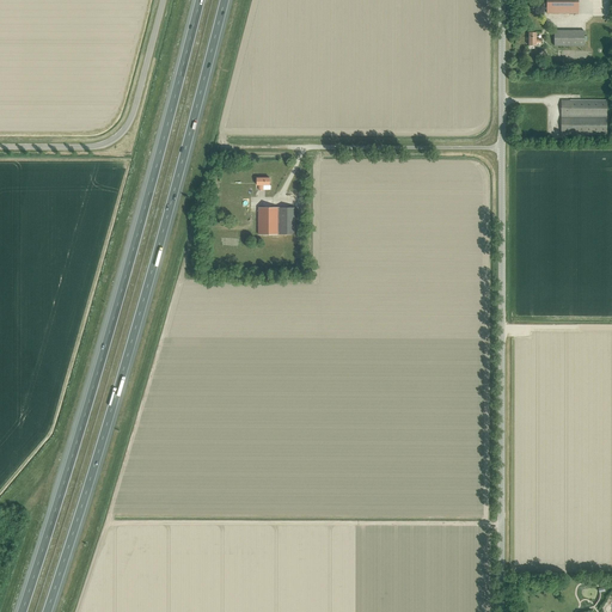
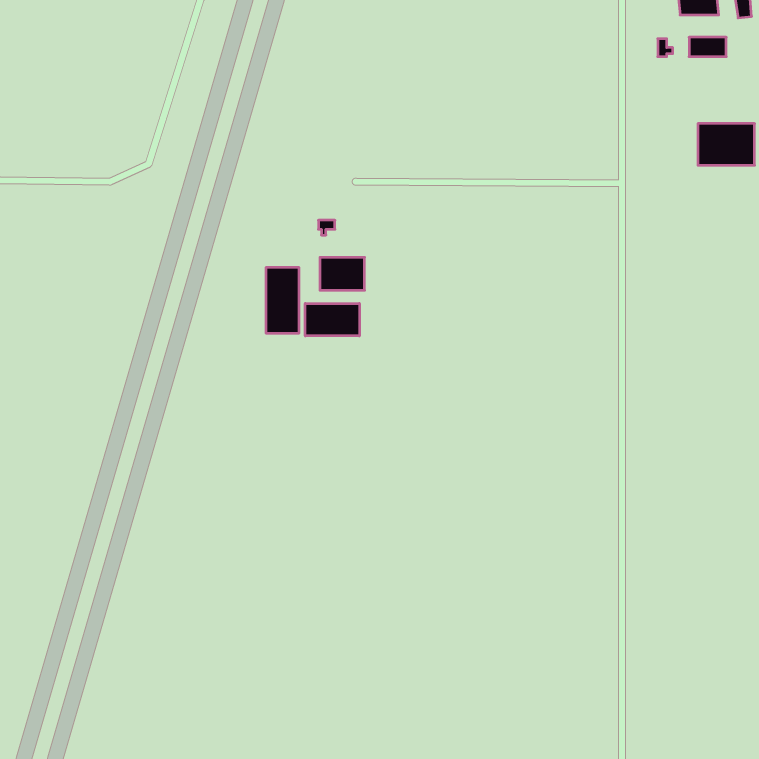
building: none -> [266,267,299,333]
building: none -> [305,303,359,336]

